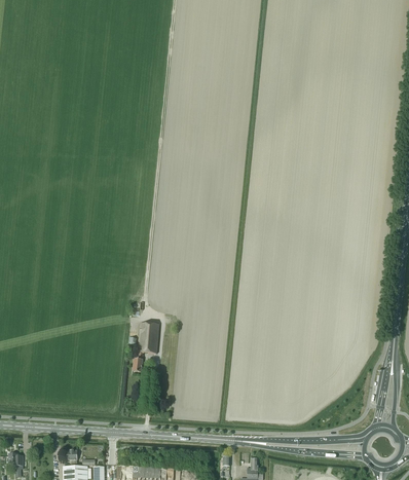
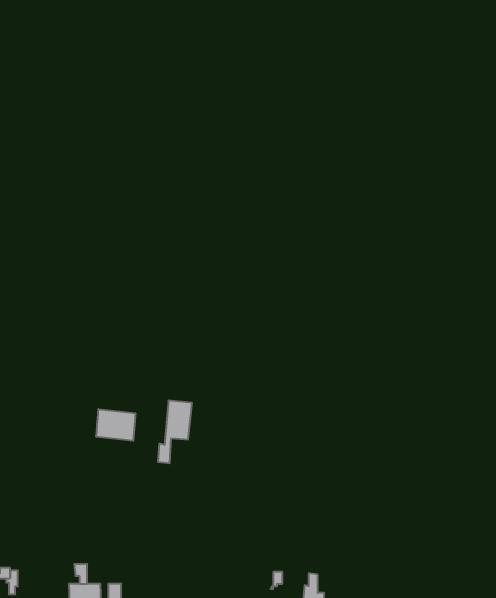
building: none -> [96,409,135,441]

